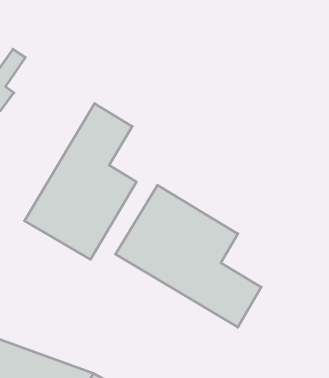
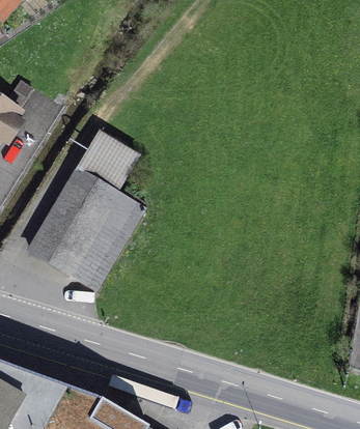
building: [115,185,261,327] -> none

